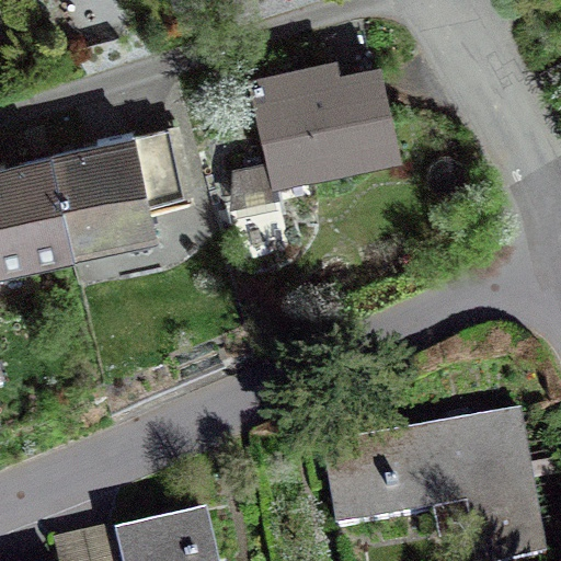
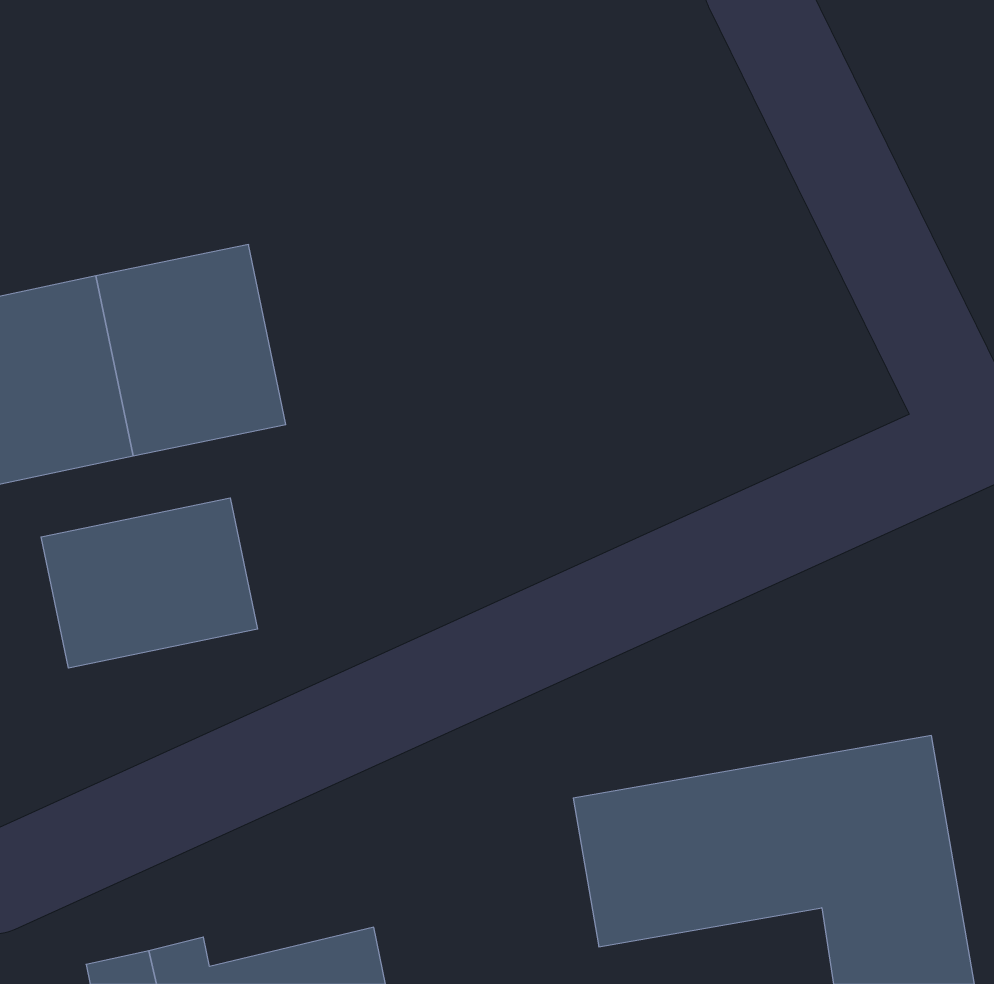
building: [253,60,403,190] -> none
building: none -> [41,498,258,668]

